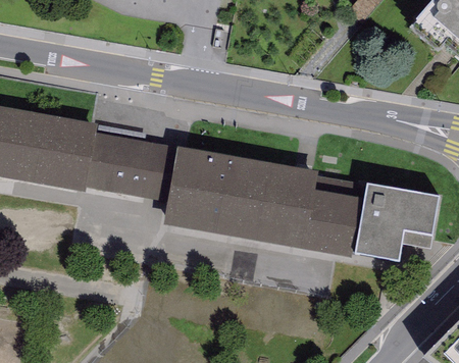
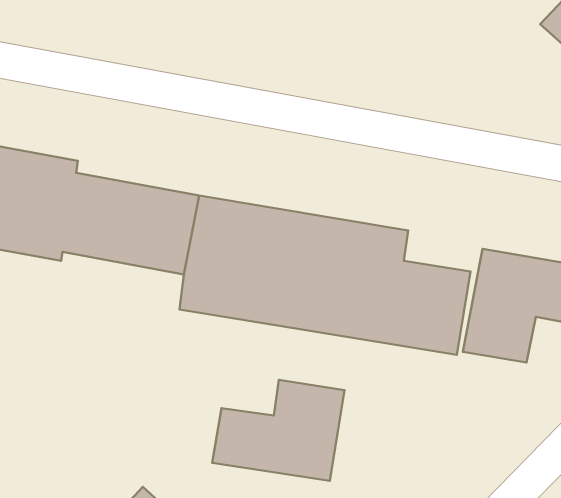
building: none -> [212,380,345,481]

